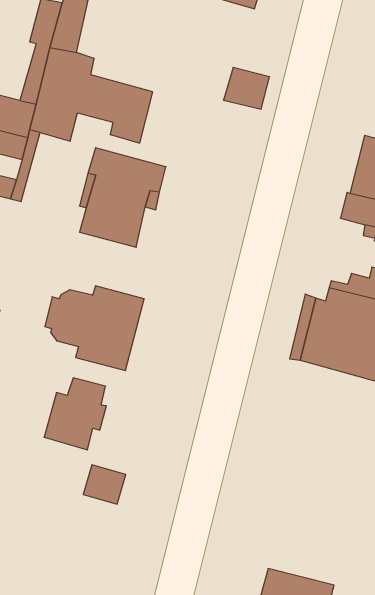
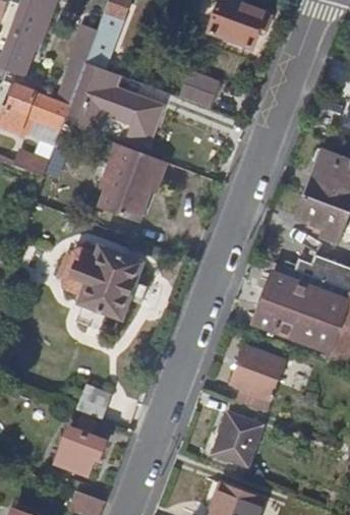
building: [223,67,270,109] -> [181,70,219,105]
building: [44,378,106,450] -> [56,418,108,475]
building: none -> [233,346,285,409]
building: none -> [214,414,261,466]

